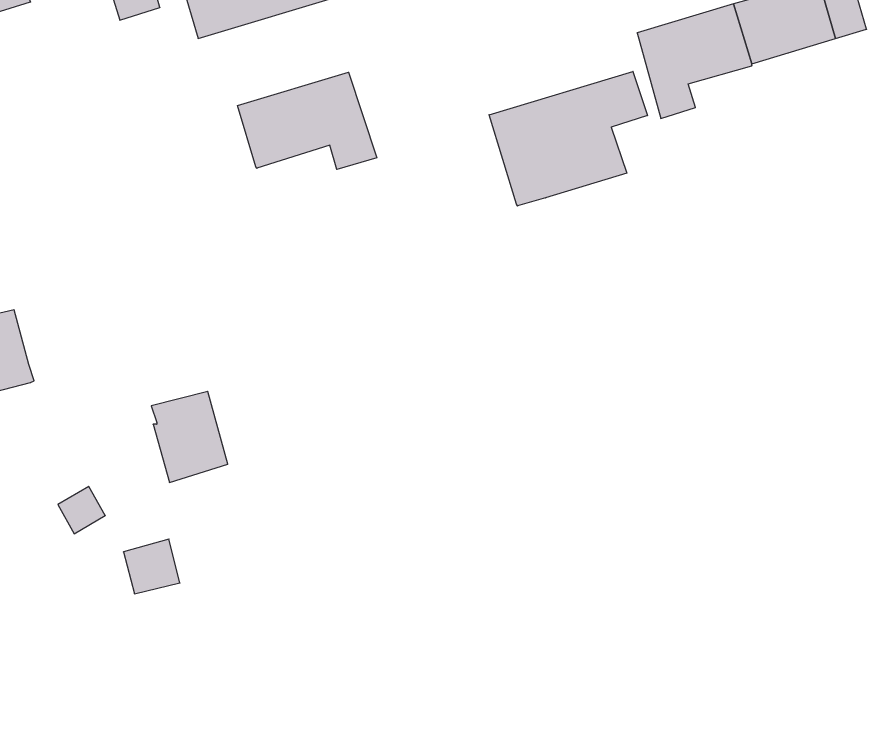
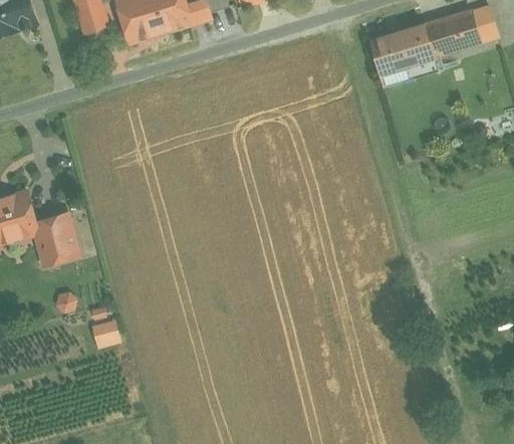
building: [489,71,647,206] -> none
building: [237,72,377,169] -> none
building: [151,391,228,482] -> [35,214,77,264]

